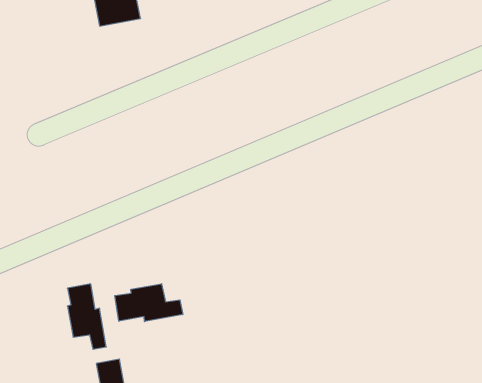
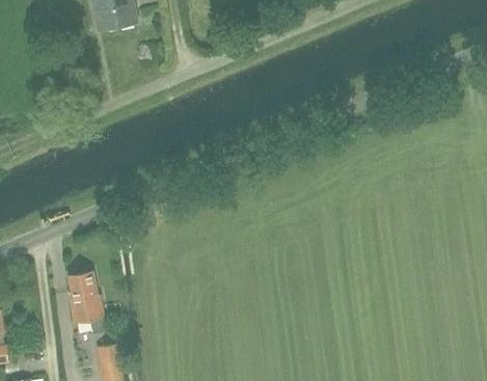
building: [115,284,183,322] -> none

